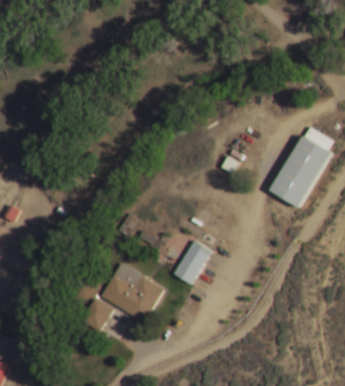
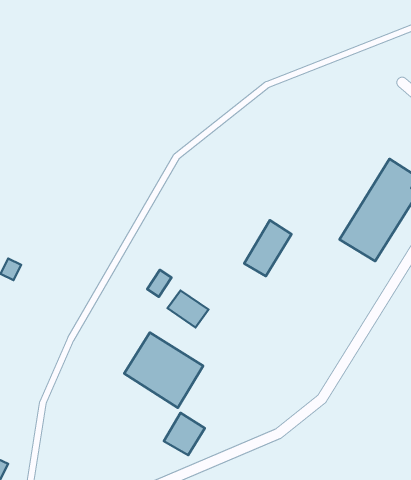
building: [174,241,211,285] -> [244,220,291,276]
building: [80,299,112,332] -> [164,413,205,455]

